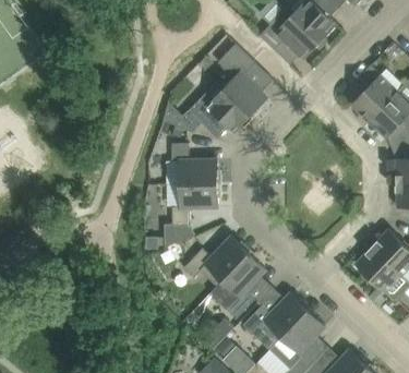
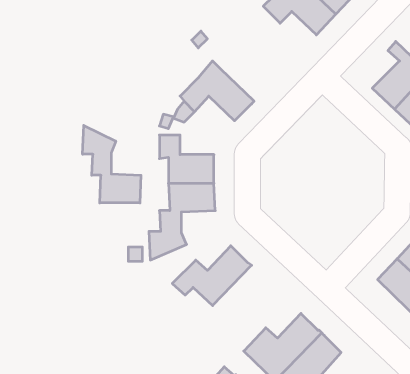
building: [222,43,267,115] -> none
building: none -> [83,125,141,203]
building: [208,252,265,318] -> none

